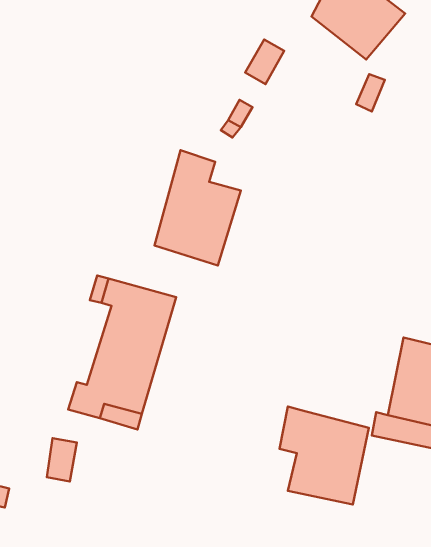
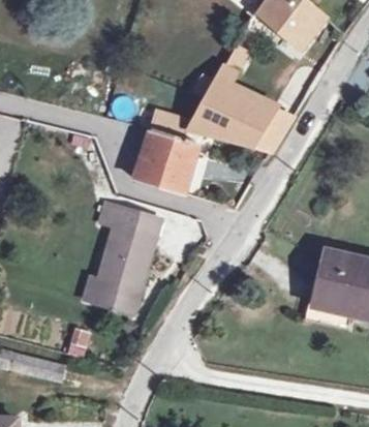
building: none -> [191,43,274,148]
building: [279,407,369,505] -> none

